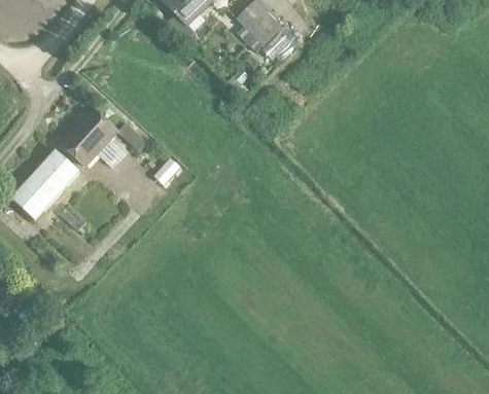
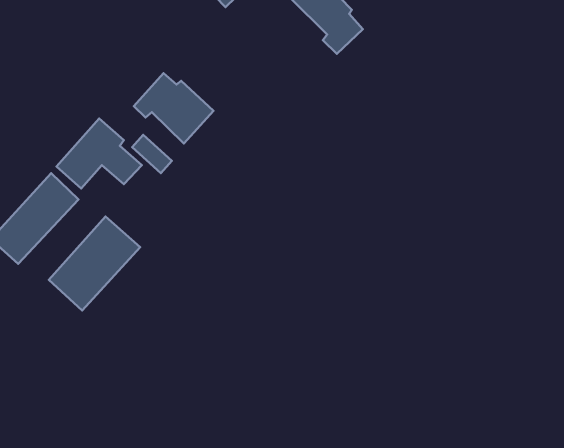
building: none -> [134,73,214,143]
building: none -> [49,216,140,311]

